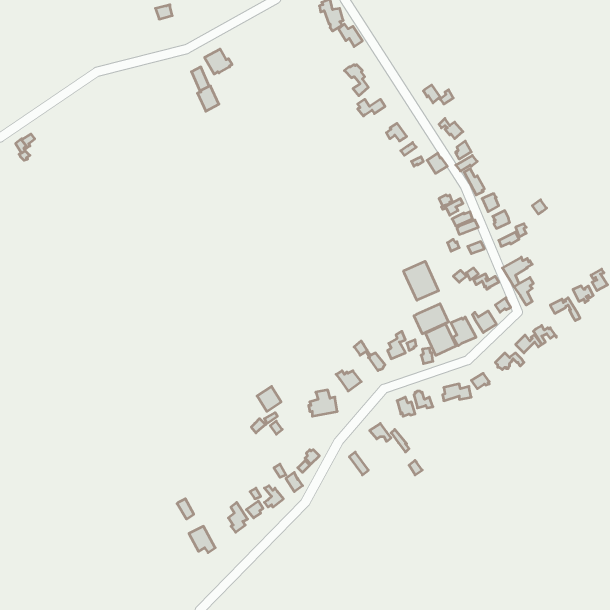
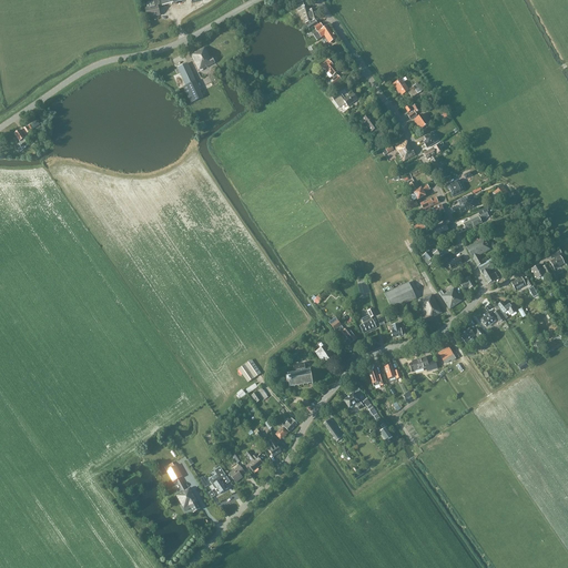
building: [404,261,439,300] -> none
building: [425,324,456,355] -> none

